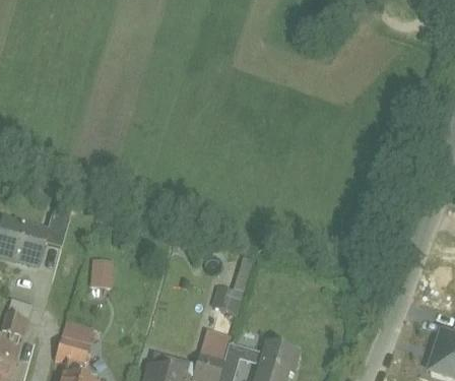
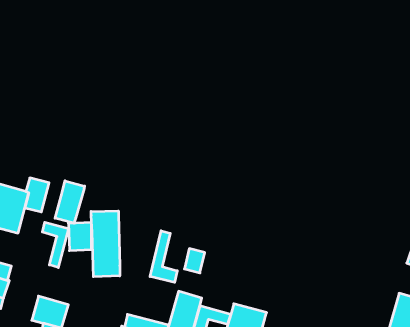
building: none -> [55,181,85,223]
building: none -> [91,211,120,277]
building: none -> [42,222,69,268]
building: none -> [150,231,177,282]

